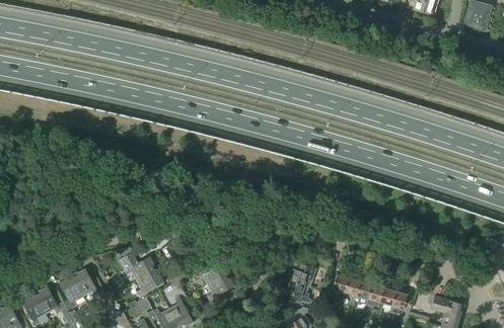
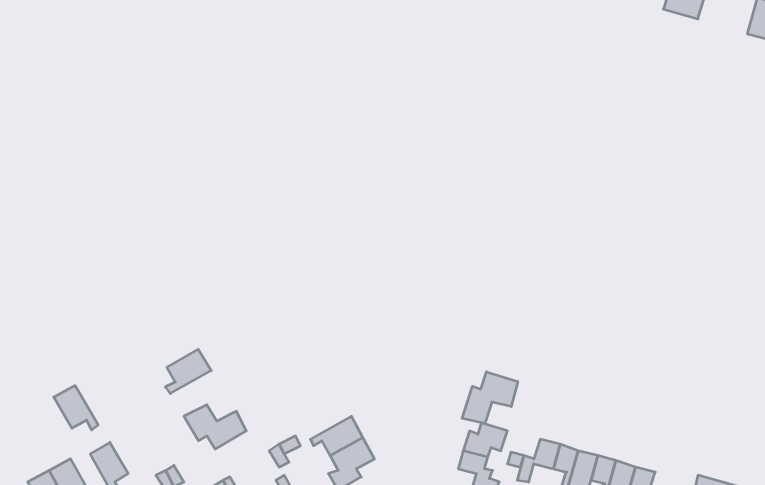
building: none -> [462,372,518,424]
building: [71,268,98,296] -> [54,386,98,430]
building: [135,268,163,296] -> [165,349,211,394]

